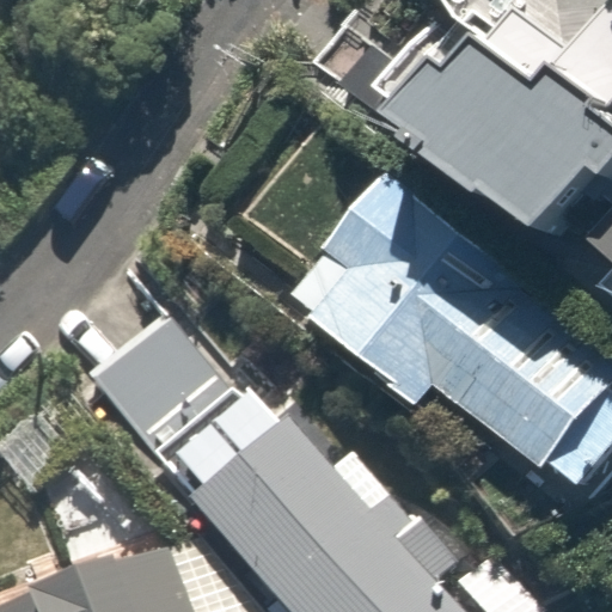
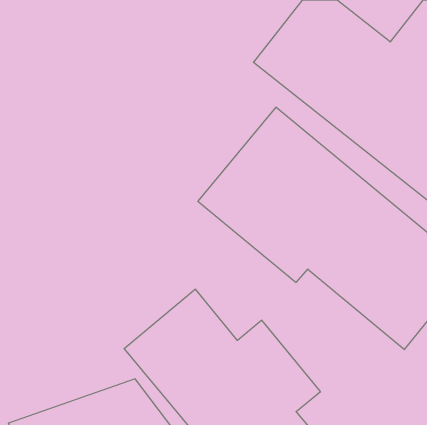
building: [93,316,238,461] -> none

